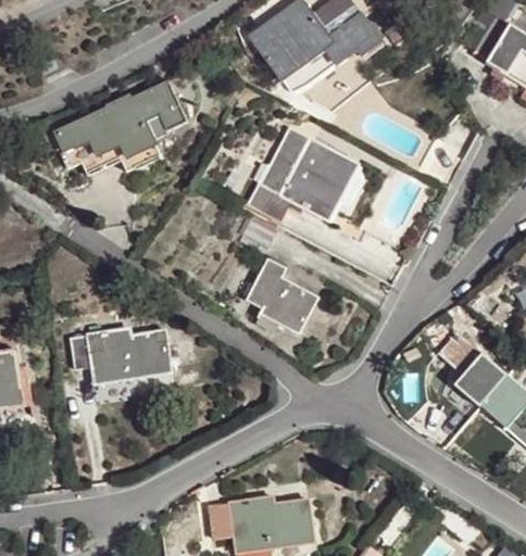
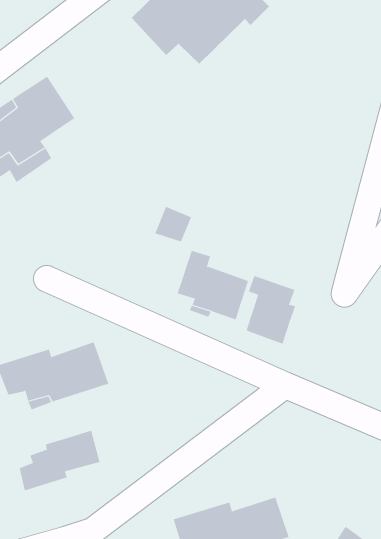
building: [245,127,352,223] -> none
building: none -> [246,275,296,344]
building: none -> [19,430,100,491]

